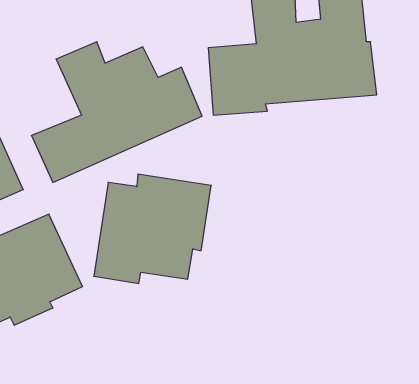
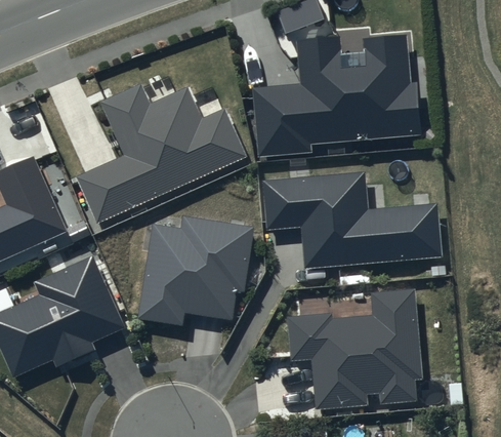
building: none -> [261,171,442,269]
building: none -> [286,288,423,410]

